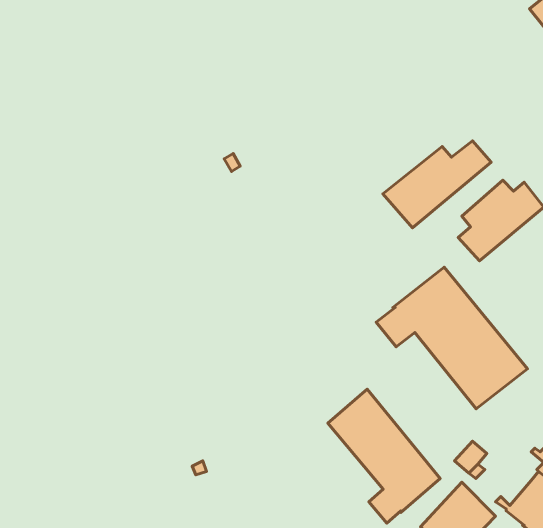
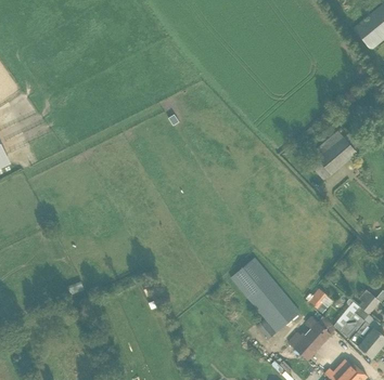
building: [383,141,491,228] -> none
building: [376,267,528,409] -> none

